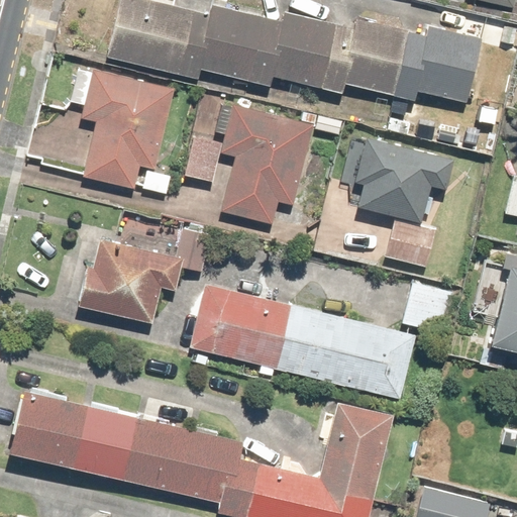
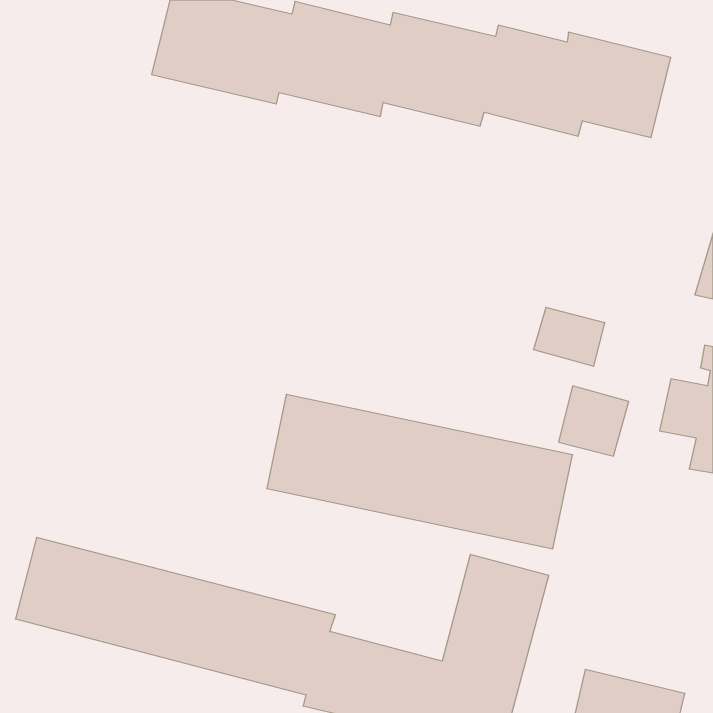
building: [70,67,175,187] -> none
building: [186,100,313,222] -> none
building: [356,136,453,224] -> none
building: [78,225,210,316] -> none

